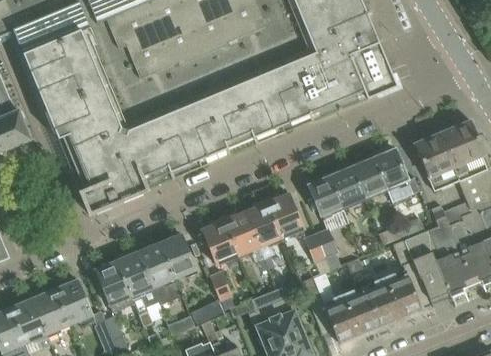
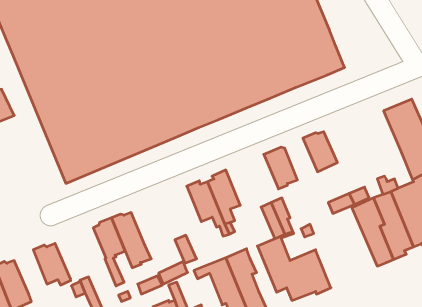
building: [414,133,459,191] -> none
building: [373,145,409,190] -> none
building: [330,163,366,209] -> none
building: [265,192,305,238] -> none
building: [202,216,238,264] -> none
building: [161,234,199,281] -> none
building: [364,240,433,328] -> none
building: [97,262,133,308] -> none
building: [32,286,68,335] -> none

